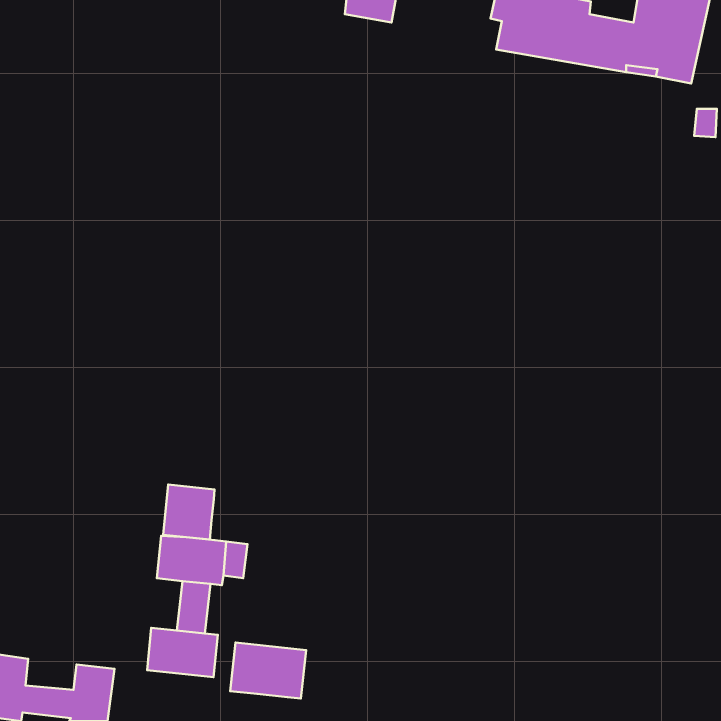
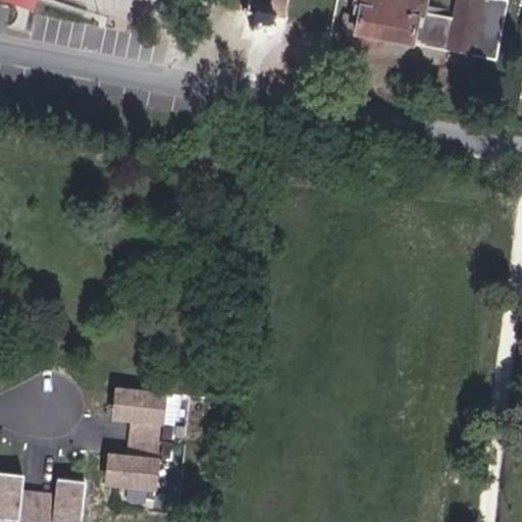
building: [163,485,215,540] -> none
building: [230,643,306,698] -> none

